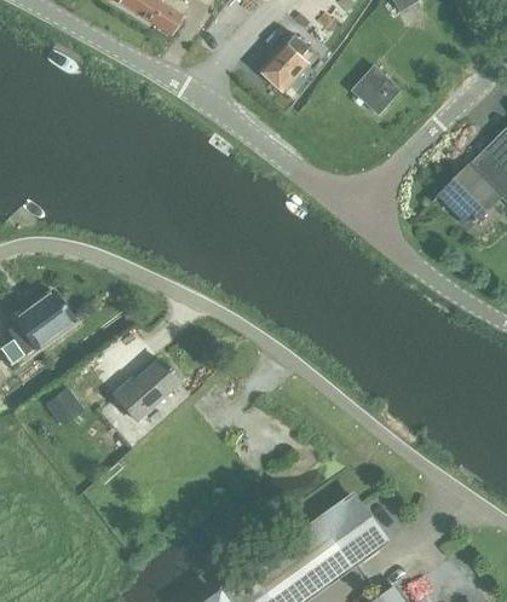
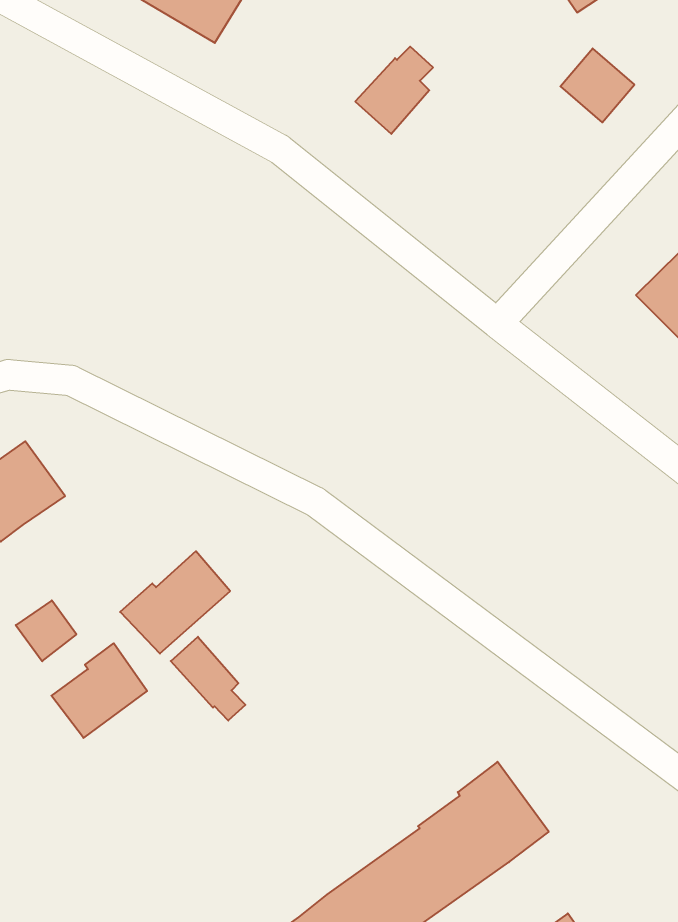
building: [353,68,401,115] -> [560,48,634,122]
building: none -> [171,637,245,721]
building: none -> [51,643,147,738]

